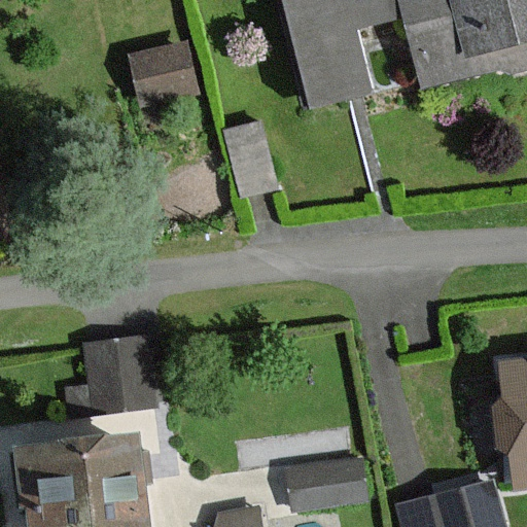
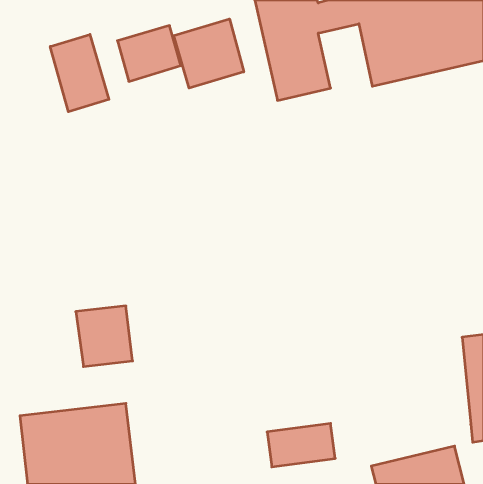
building: none -> [174,19,244,88]
building: none -> [50,34,109,112]

